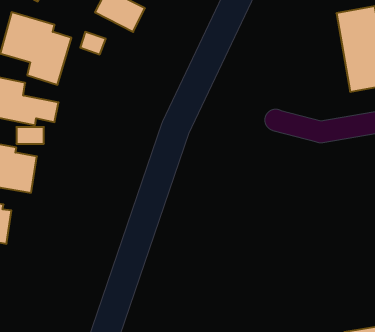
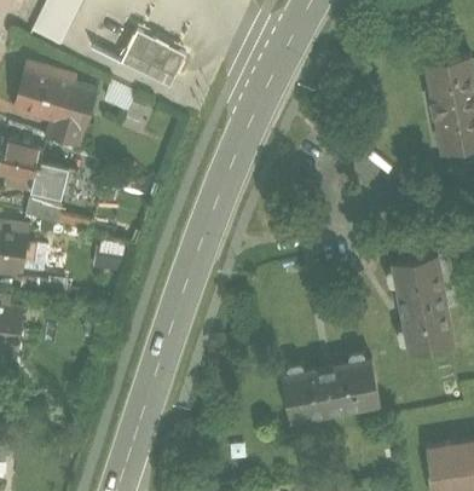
building: none -> [389,246,453,350]
building: none -> [274,354,378,417]

